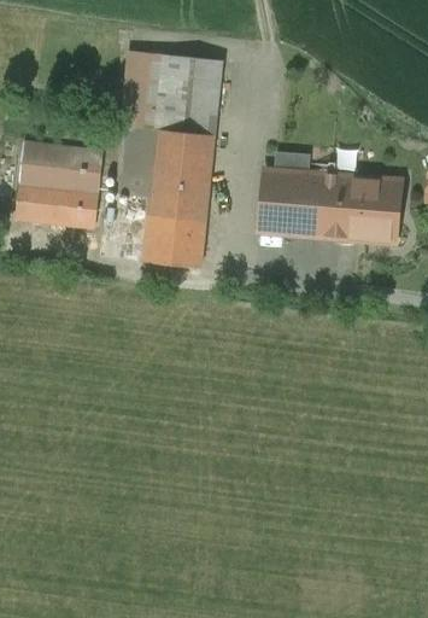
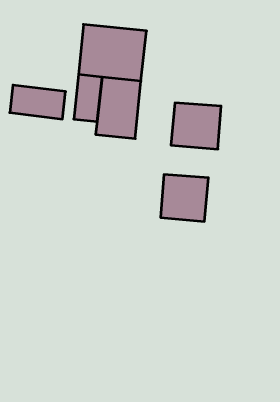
building: [329,173,400,243] -> [161,175,208,221]
building: [16,182,98,226] -> none
building: [143,215,206,266] -> none

